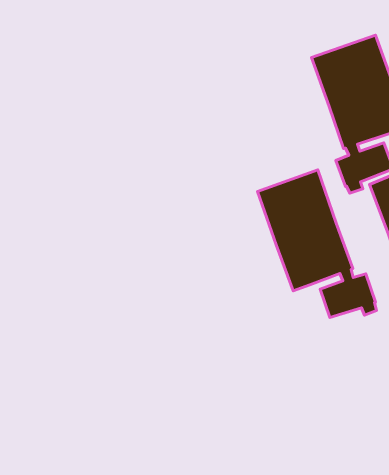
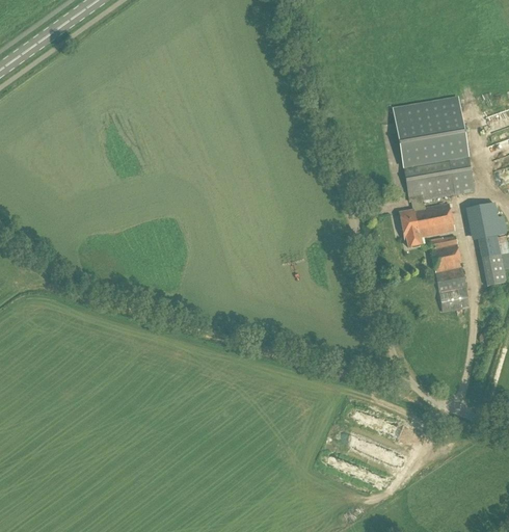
building: [257,170,377,318] -> none

